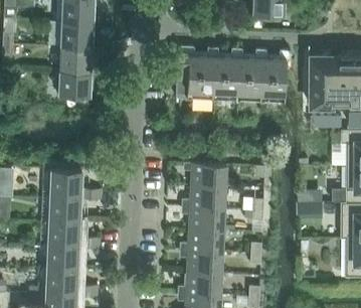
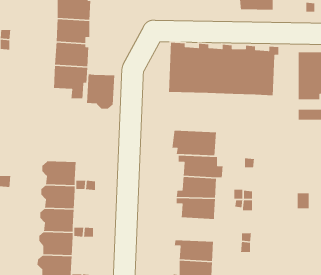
building: none -> [86,73,115,110]
building: none -> [172,130,217,156]
building: [183,228,224,253] -> none

